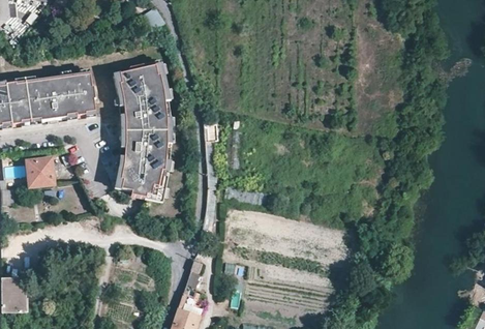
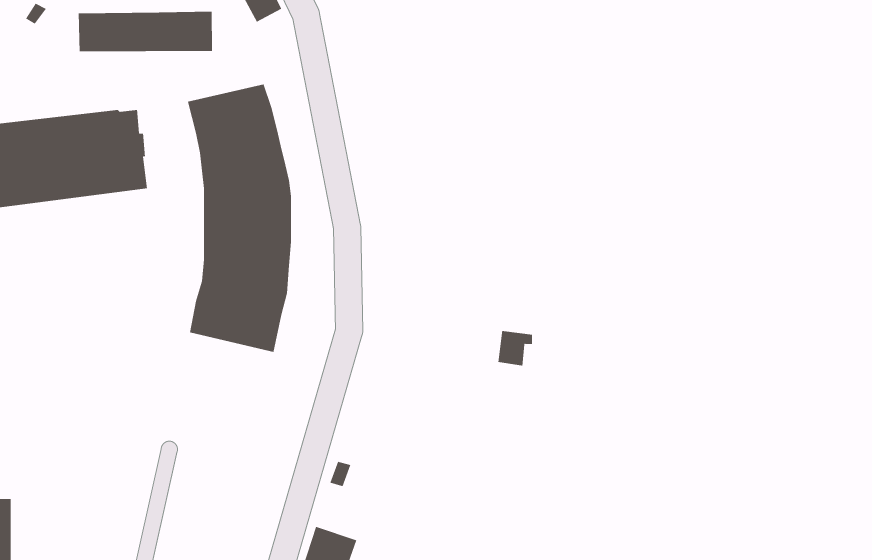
building: none -> [78,11,212,52]
building: [26,157,52,186] -> none

